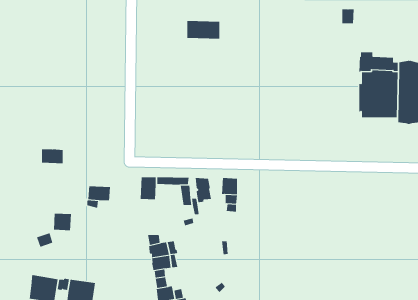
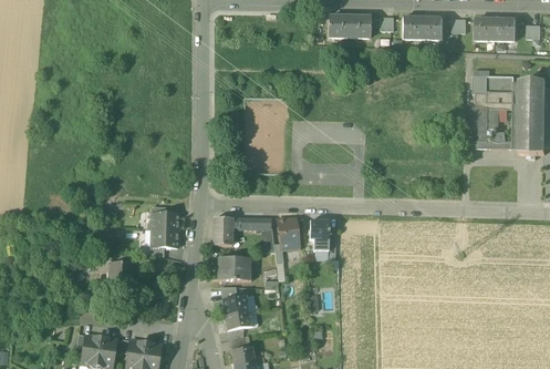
building: none -> [403,17,443,38]
building: none -> [476,18,516,39]
building: [186,21,220,39] -> [330,14,370,37]
building: [41,149,64,164] -> [153,212,179,229]
building: none -> [219,257,252,280]

